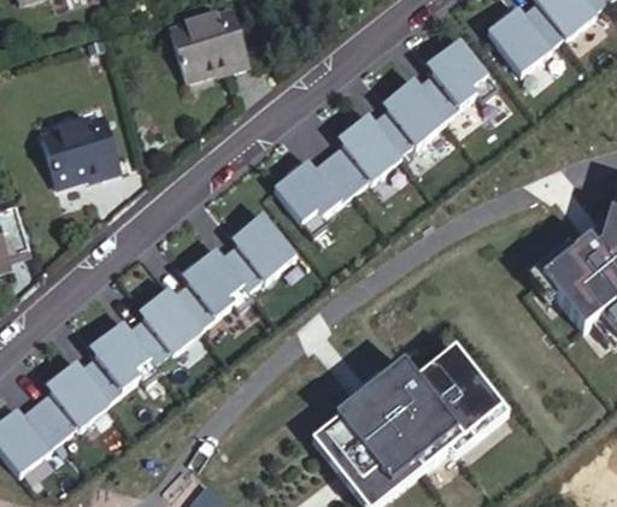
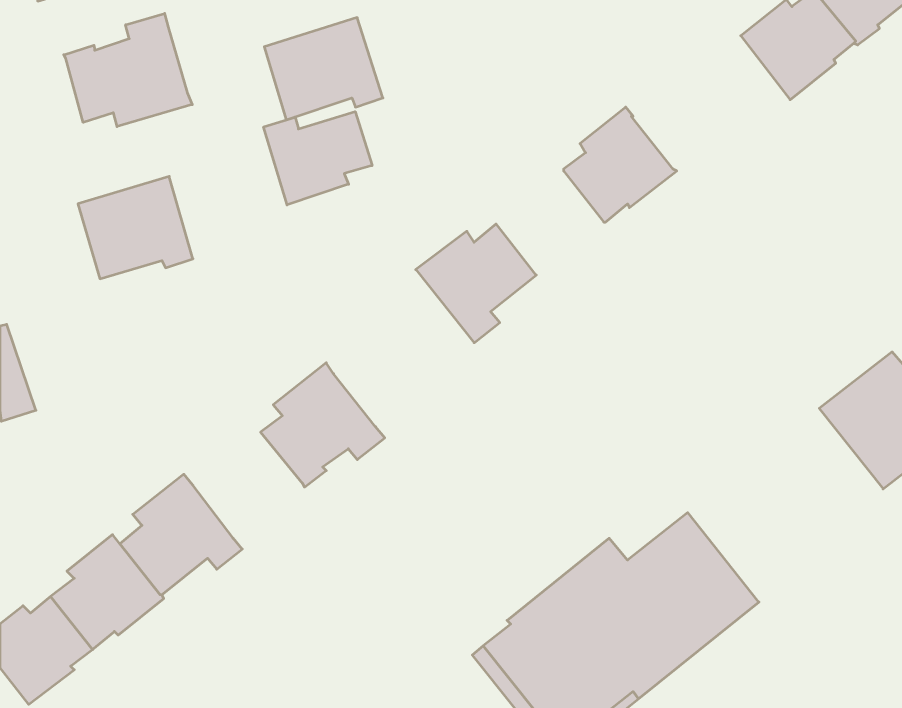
building: none -> [64,13,192,127]
building: [417,37,499,118] -> none
building: none -> [264,112,372,205]
building: [328,113,401,188] -> none
building: [221,213,294,288] -> none
building: [128,285,200,361] -> none

